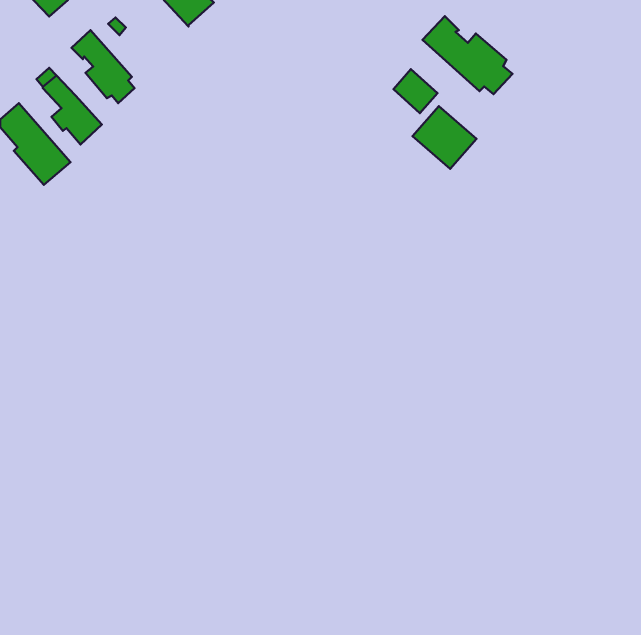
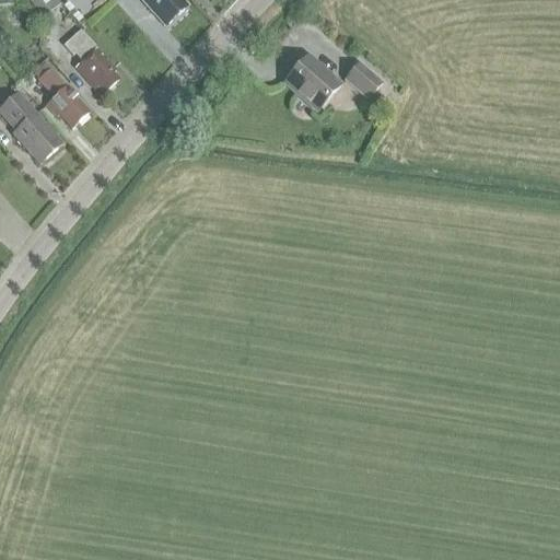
building: [423,16,513,94] -> none
building: [413,106,477,169] -> [284,54,340,108]

